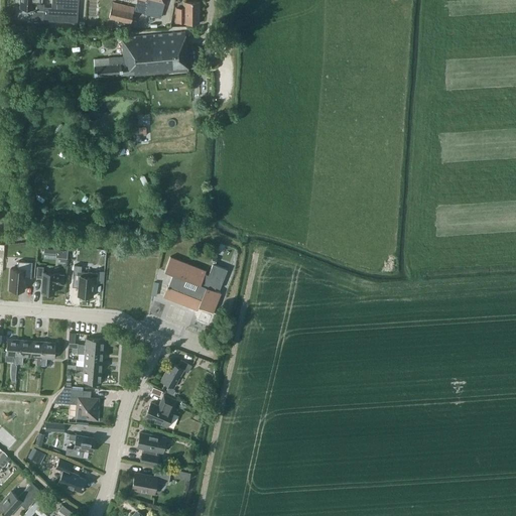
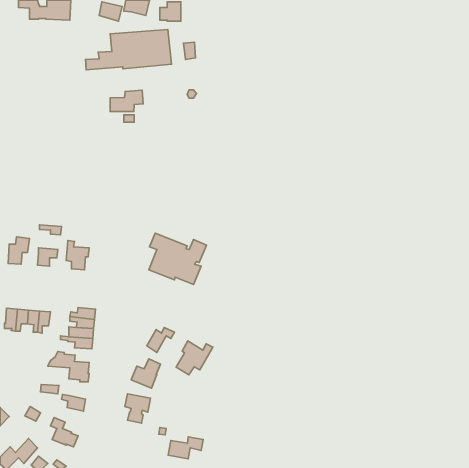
building: none -> [110,90,143,112]
building: none -> [176,341,213,375]
building: [132,470,170,494] -> [168,437,203,459]

